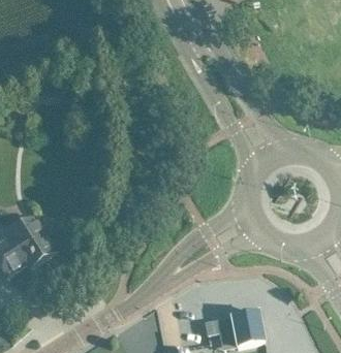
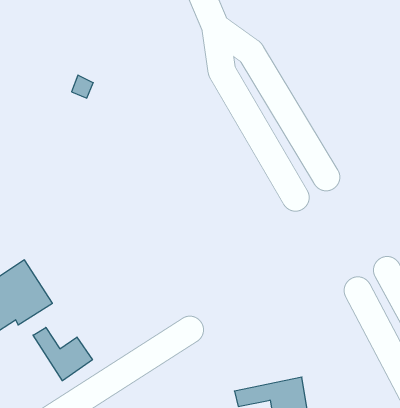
building: none -> [33,327,92,381]

